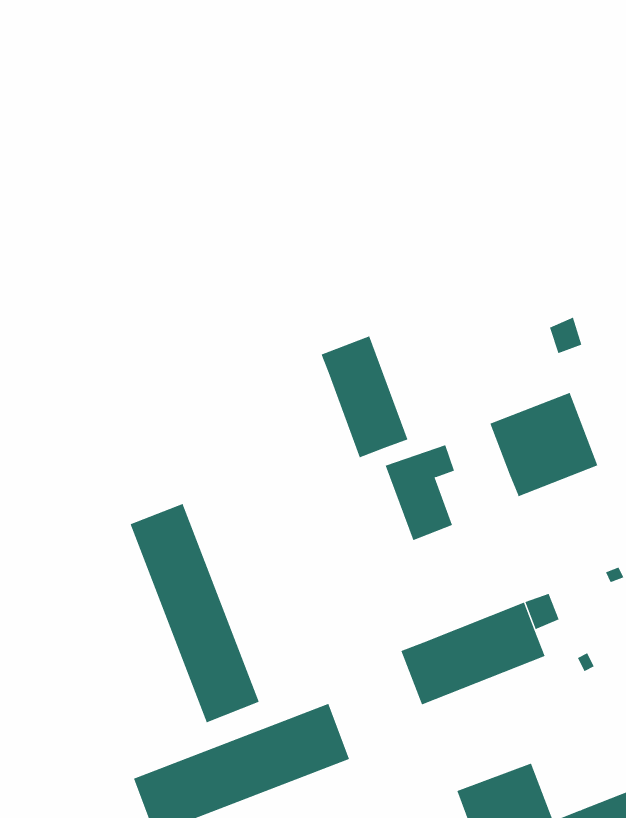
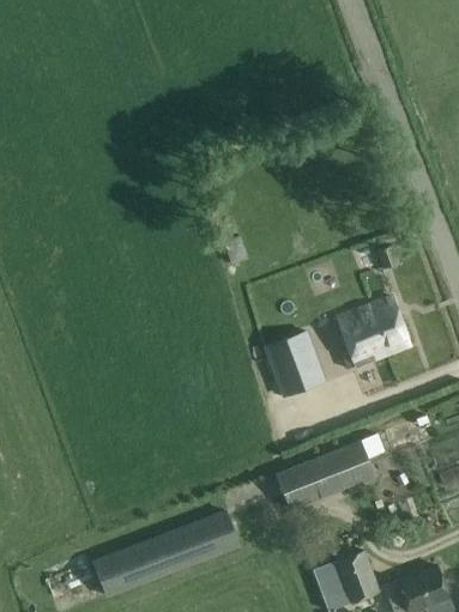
building: [321,336,408,458] -> none
building: [130,503,259,723] -> none

